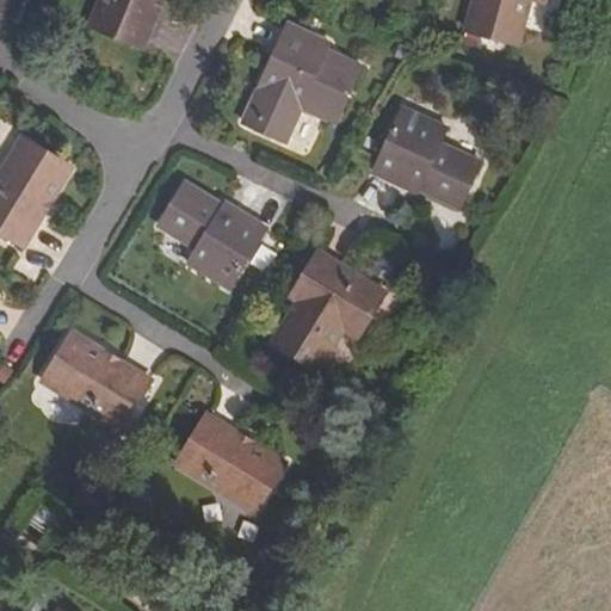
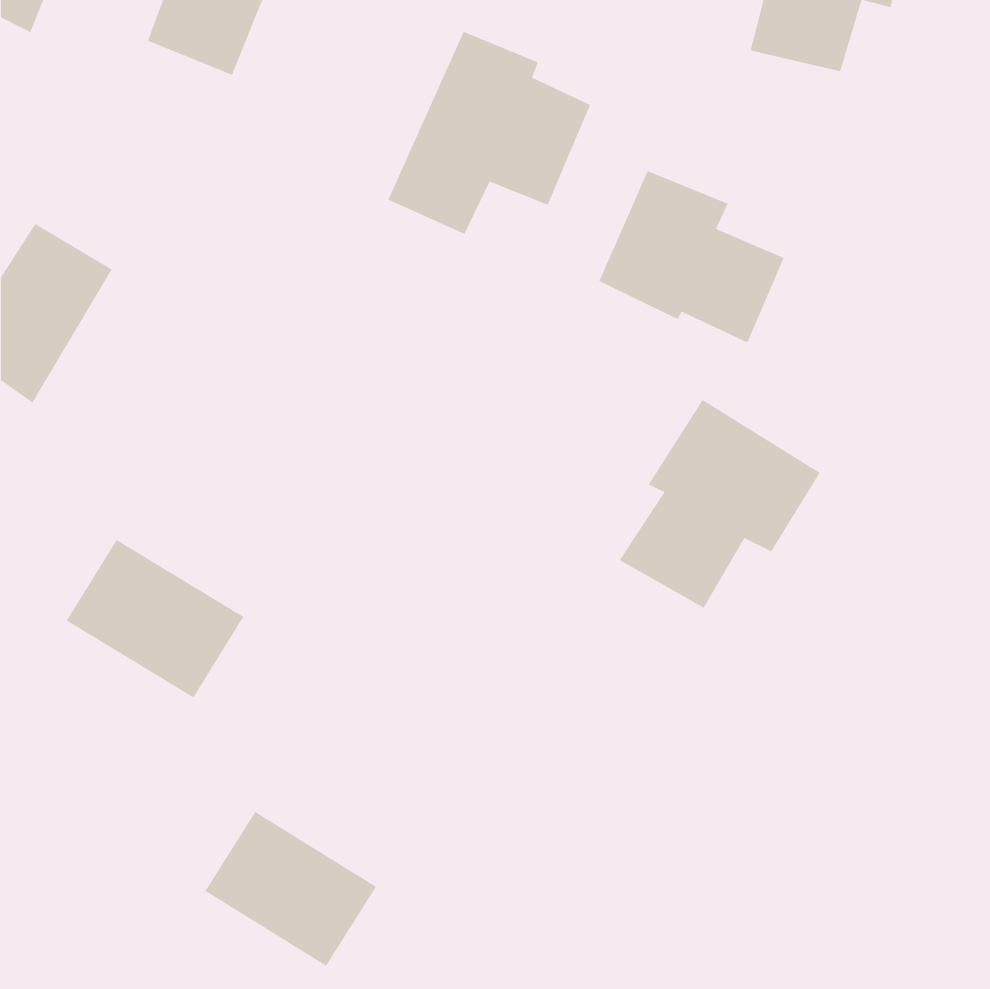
building: [155,180,265,286] -> none
building: [265,246,389,375] -> [619,399,820,608]
building: [177,414,283,510] -> [204,811,377,966]

